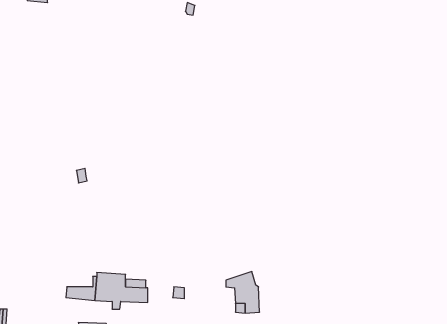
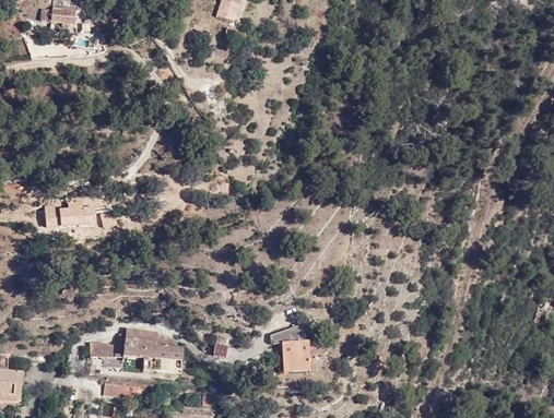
building: none -> [48,201,97,223]

